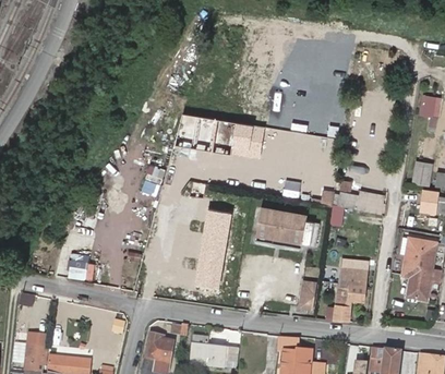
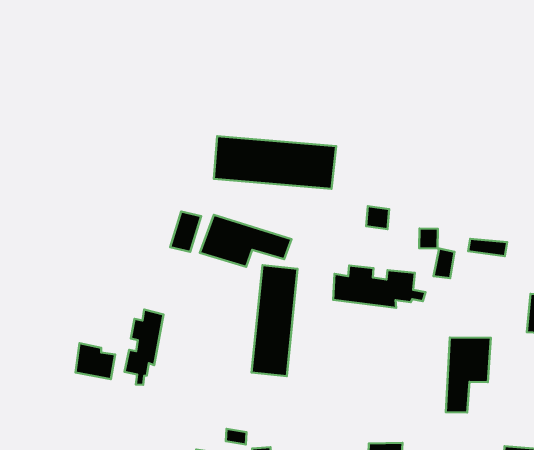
building: none -> [200,215,292,267]
building: none -> [125,309,163,385]
building: [299,277,318,307] -> none

